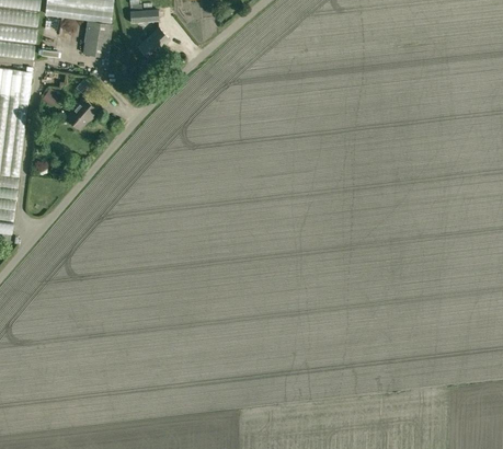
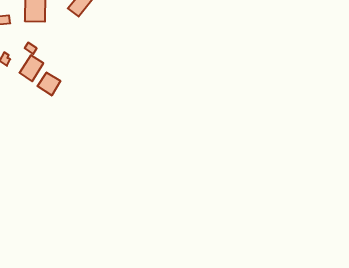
building: none -> [37,72,60,96]

